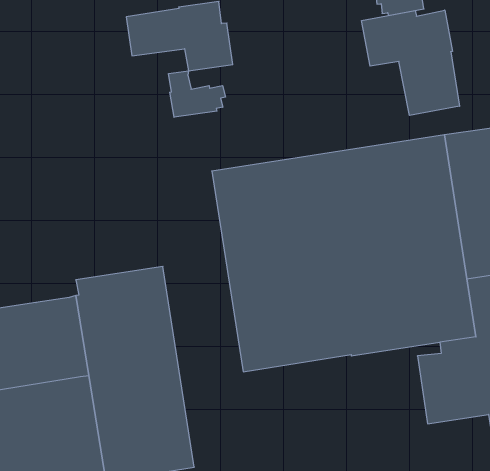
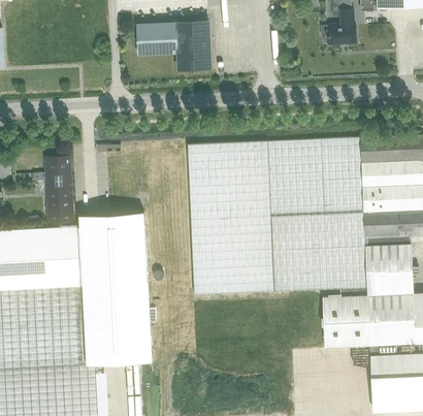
building: [362,10,460,115] -> none
building: [169,71,225,117] -> none
building: none -> [45,157,73,228]

